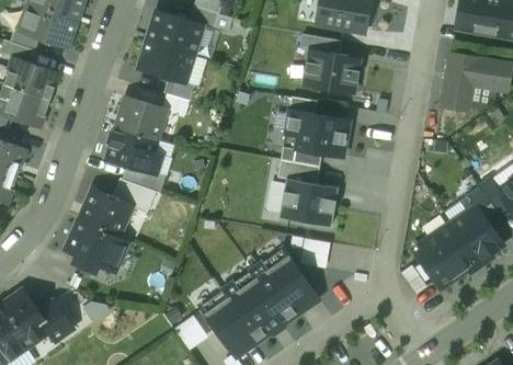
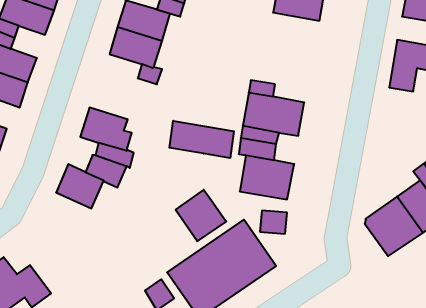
building: [299,42,372,100] -> none
building: [115,96,166,140] -> none
building: none -> [169,121,234,158]
building: none -> [176,190,226,241]
building: [65,219,127,272] -> none

